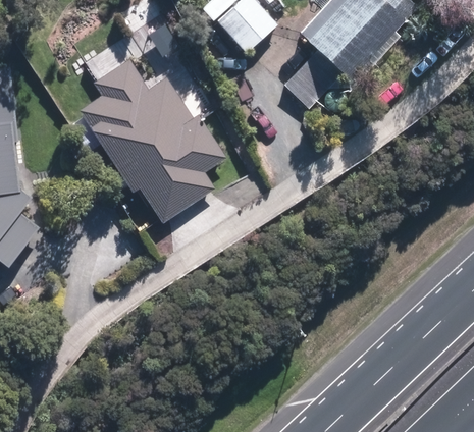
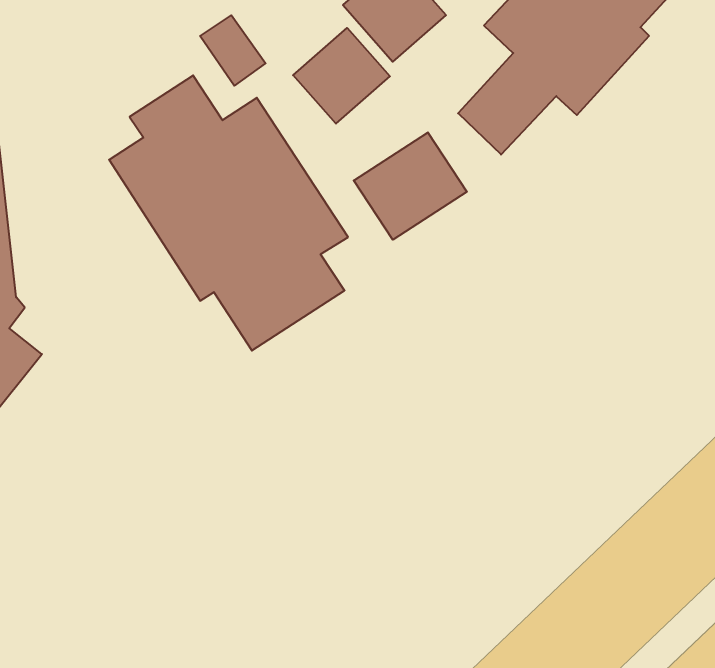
building: none -> [293,28,390,124]
building: none -> [354,132,467,240]

